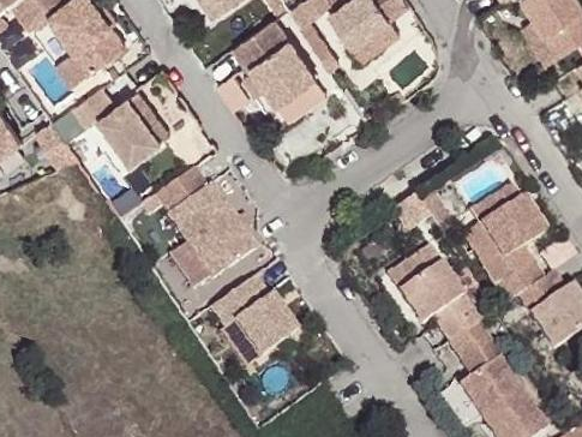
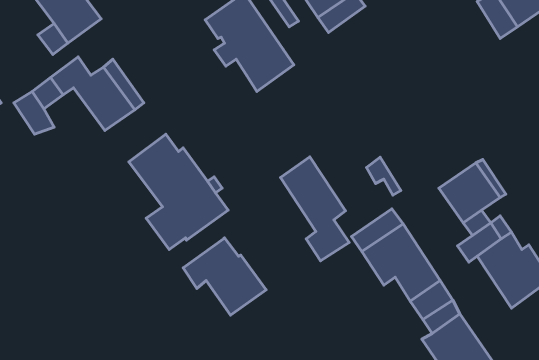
building: none -> [280,157,349,261]

